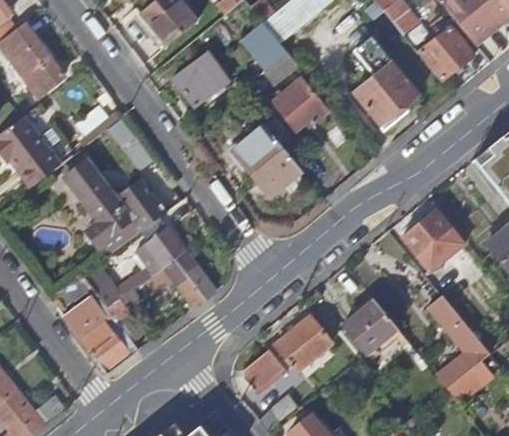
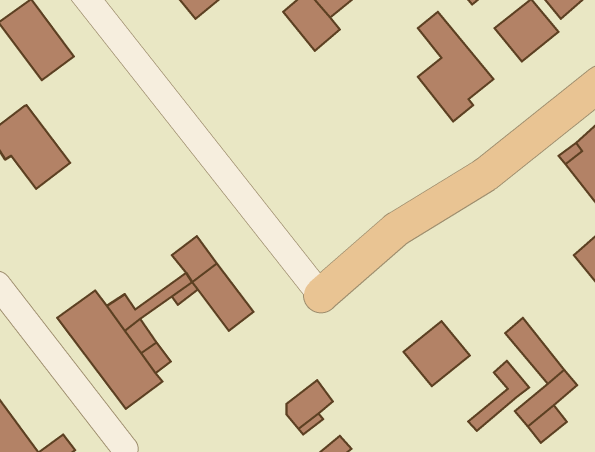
building: [174,54,228,106] -> none
building: [274,79,329,132] -> none
building: [234,126,301,196] -> none
building: [65,160,167,257] -> none
building: [403,209,465,270] -> none
building: [276,316,333,371] -> none
building: none -> [468,361,529,431]

